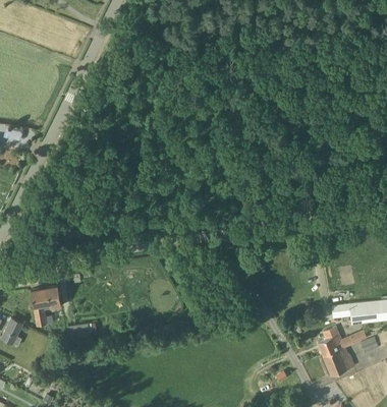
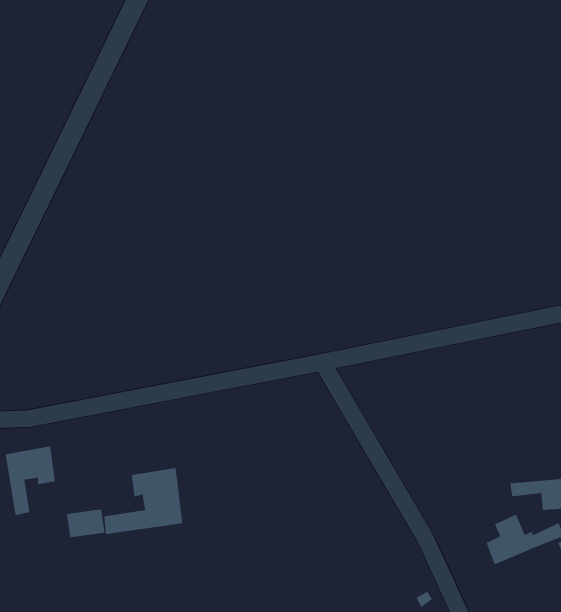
building: none -> [104,467,183,535]
building: [323,347,354,375] -> none

